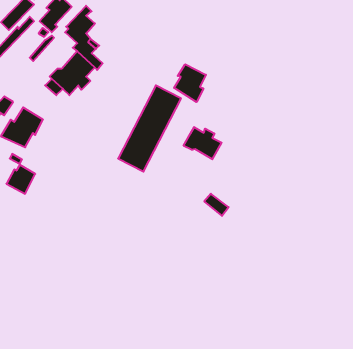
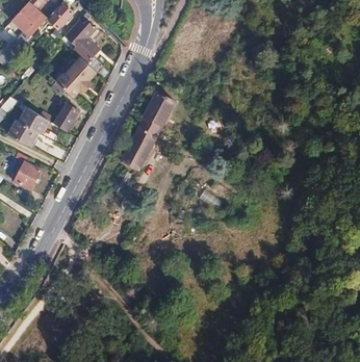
building: [174,64,206,102] -> none
building: none -> [52,102,78,131]
building: [184,127,222,159] -> none

